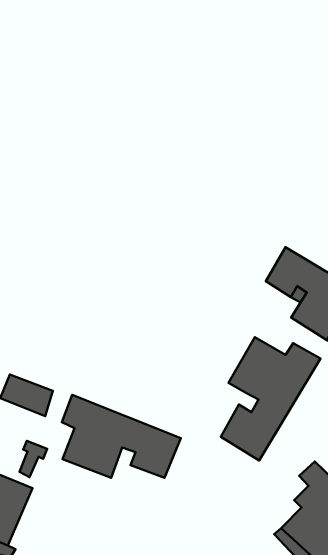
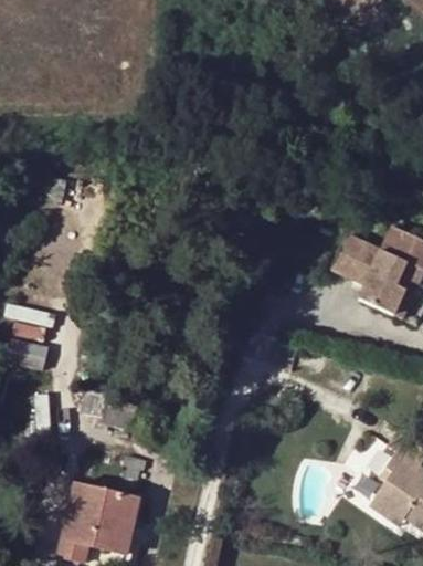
building: [221,337,320,461] -> none
building: [62,395,181,478] -> none

